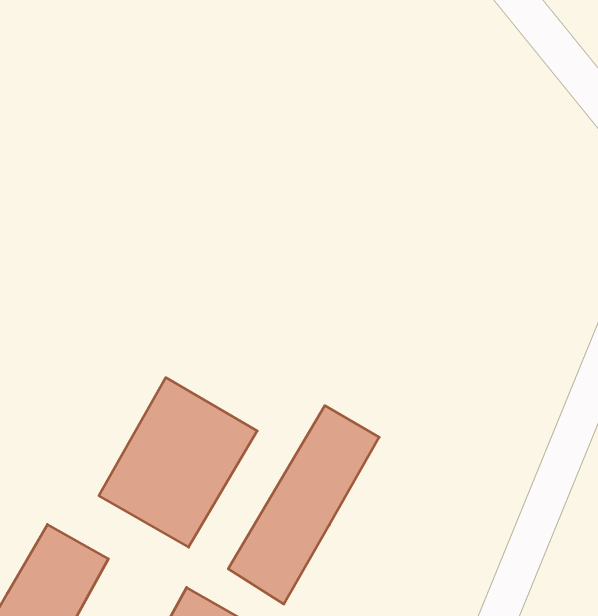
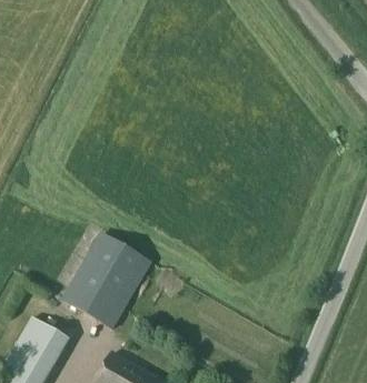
building: [228,406,379,604] -> none

